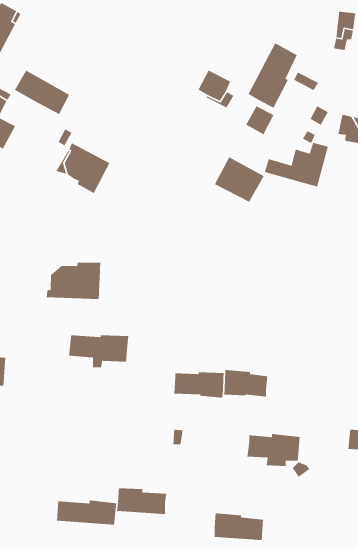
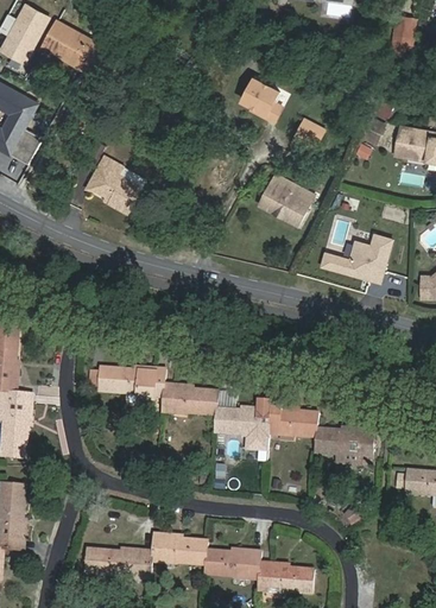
building: [247,42,298,109] -> none
building: [14,70,70,115] -> [44,21,106,71]
building: [264,142,329,188] -> [320,234,391,284]
building: [46,262,101,300] -> none
building: none -> [163,384,217,414]
building: [246,433,301,467] -> [315,426,374,463]
building: none -> [206,549,261,578]

